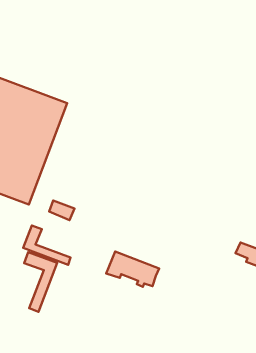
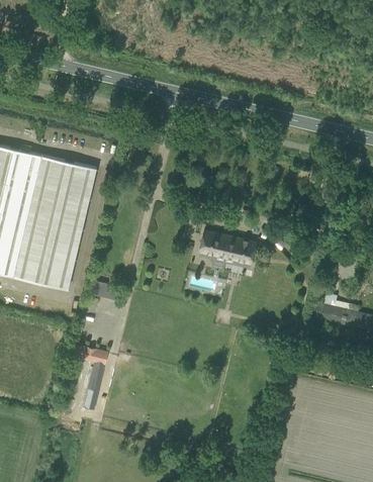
building: [23,225,71,265] -> none
building: [106,251,159,287] -> [197,231,257,268]

